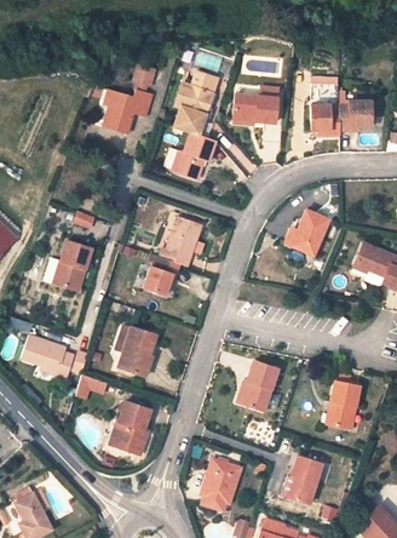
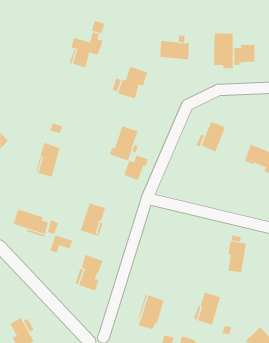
building: [174,70,217,134] -> none
building: [143,259,179,297] -> [124,155,149,181]
building: [240,361,277,412] -> none

